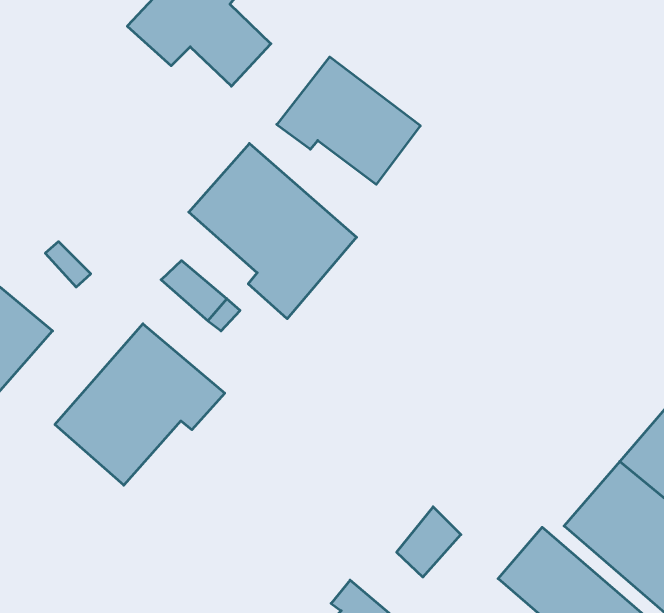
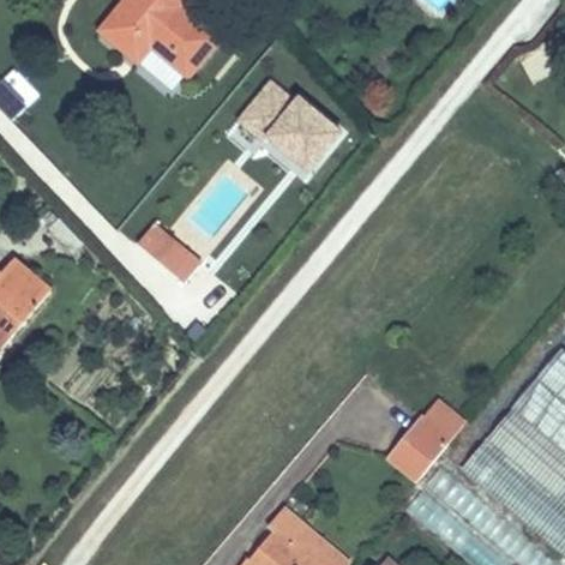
building: [189,143,357,319] -> none
building: [55,324,225,485] -> none
building: [397,507,461,577] -> [396,416,449,474]

